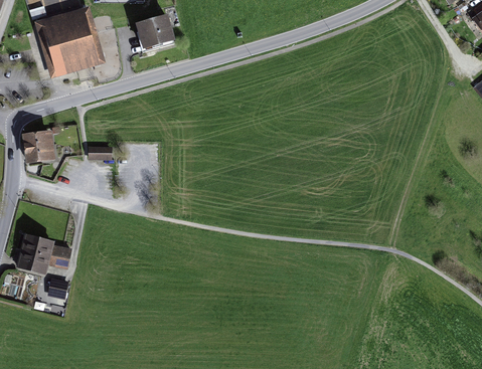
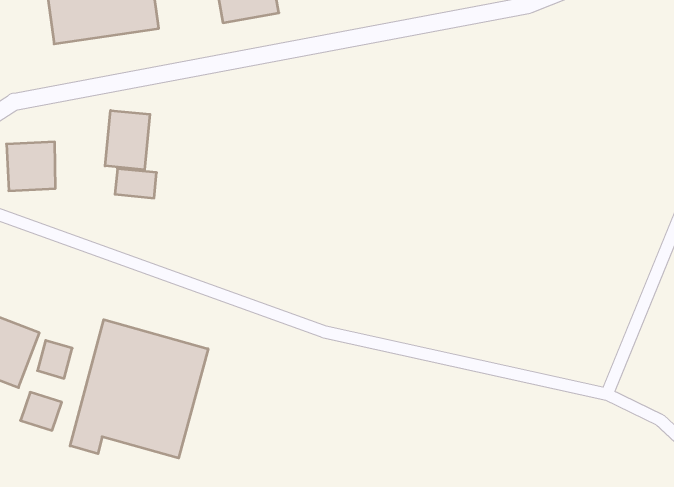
building: none -> [105,110,150,170]
building: none -> [70,320,208,458]

